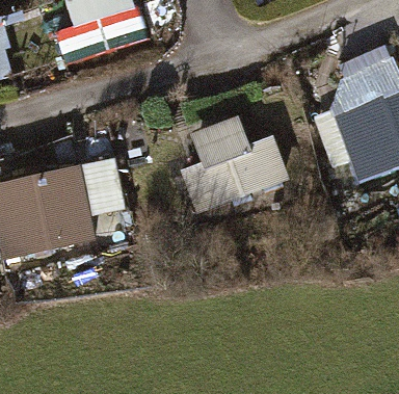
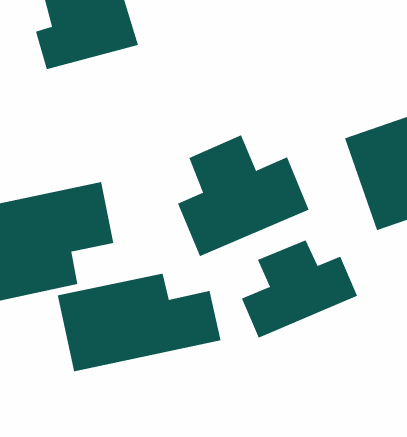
building: none -> [241,239,358,338]
building: none -> [57,273,221,372]

